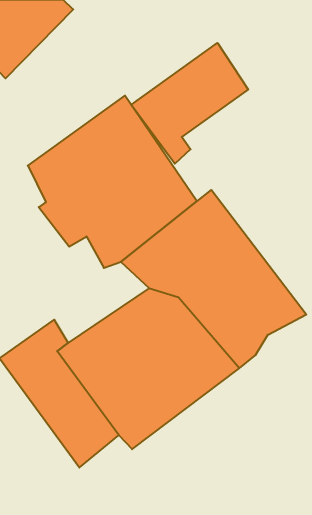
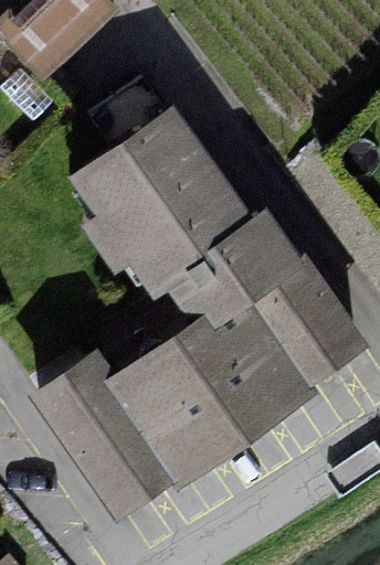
building: [131,43,248,164] -> none

